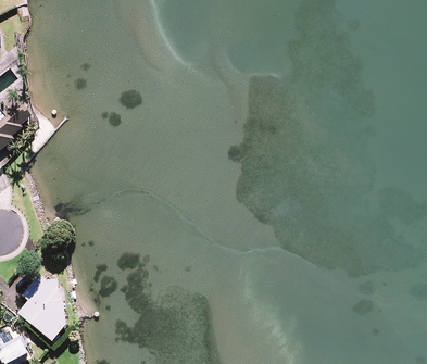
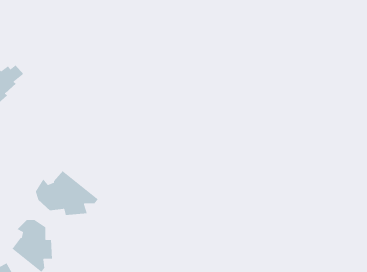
building: none -> [35,170,99,216]

